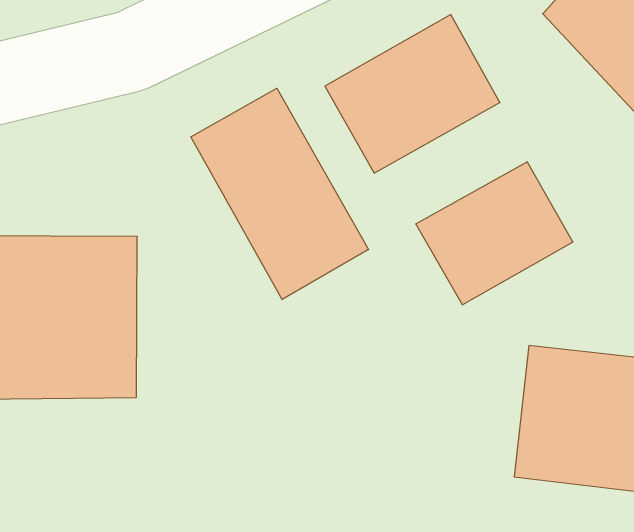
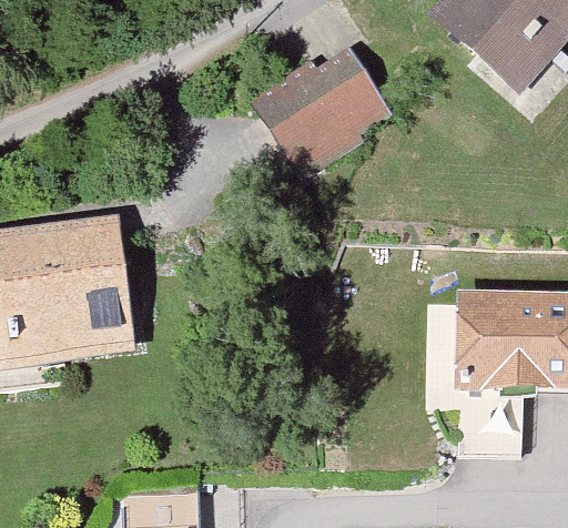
building: [191,88,369,300] -> none
building: [416,162,573,305] -> none

